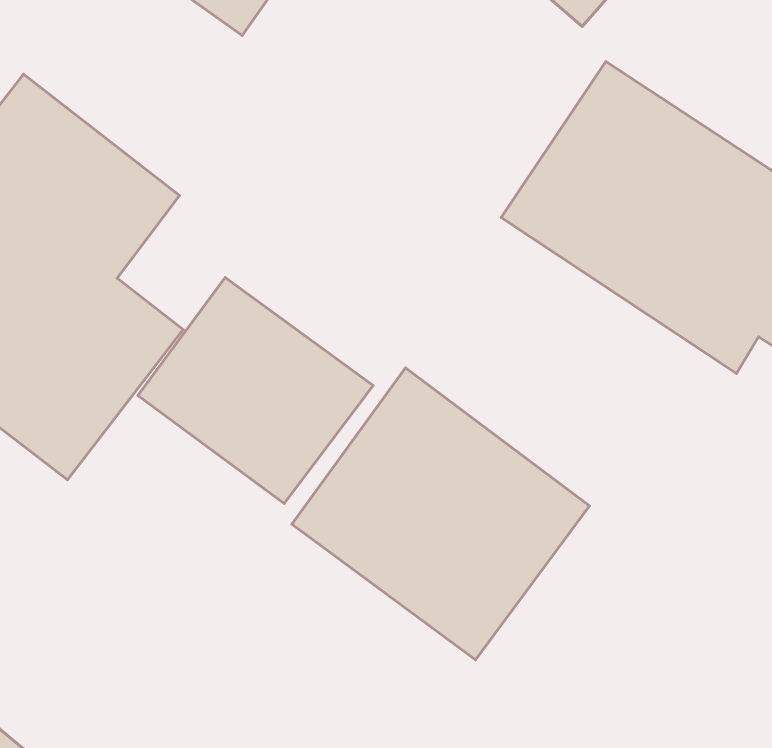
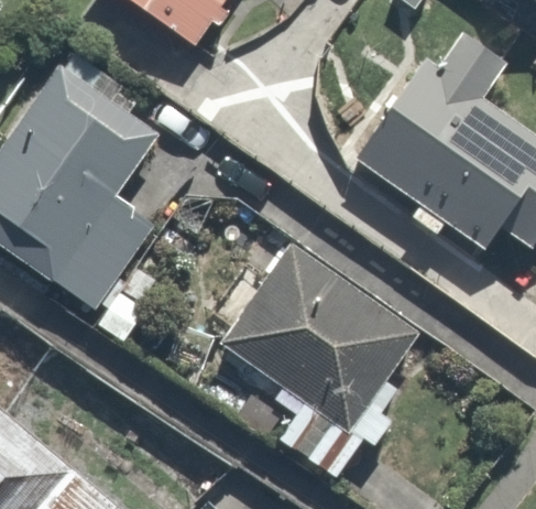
building: [138,278,373,504] -> none

